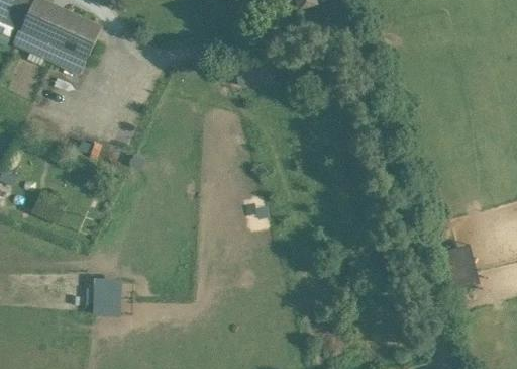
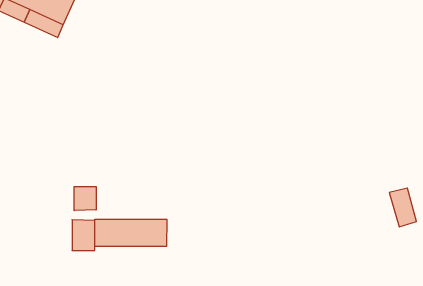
building: none -> [74,187,96,211]
building: none -> [95,219,167,246]

